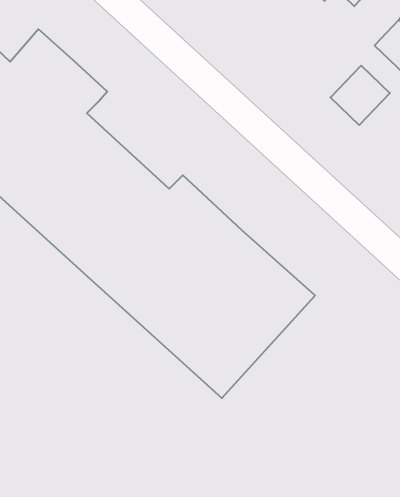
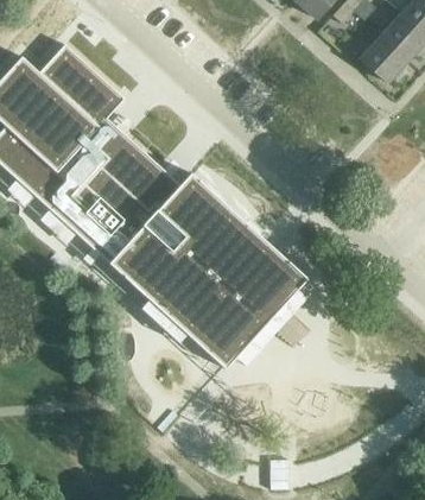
building: [330,66,390,125] -> none

